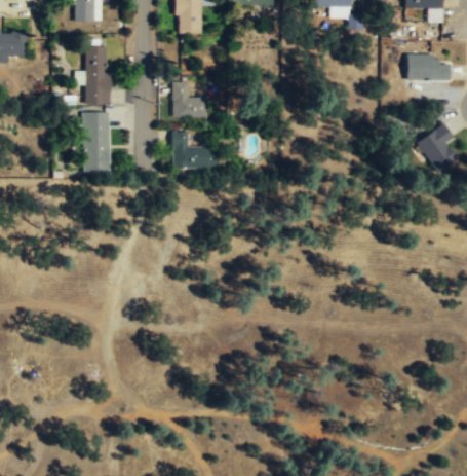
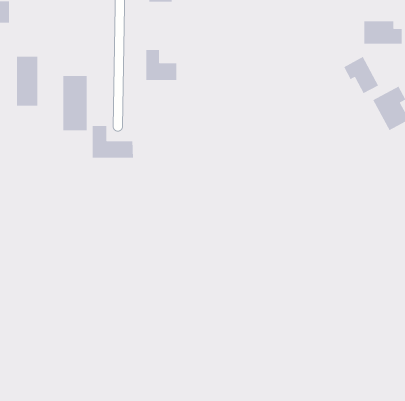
building: [85,49,109,104] -> [16,56,38,106]
building: none -> [343,56,379,94]
building: [171,133,217,169] -> [92,125,134,159]

